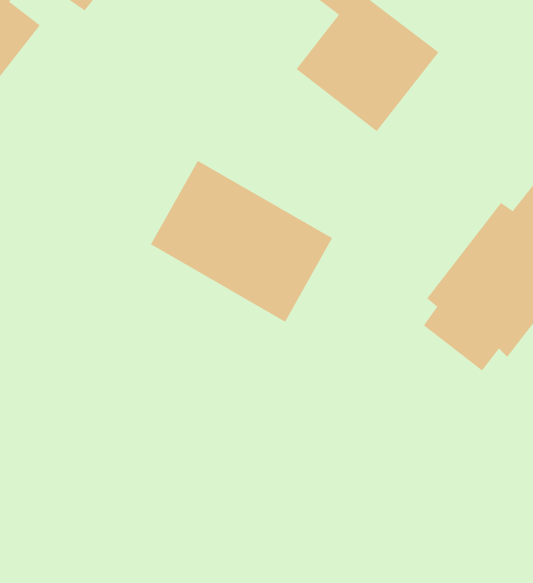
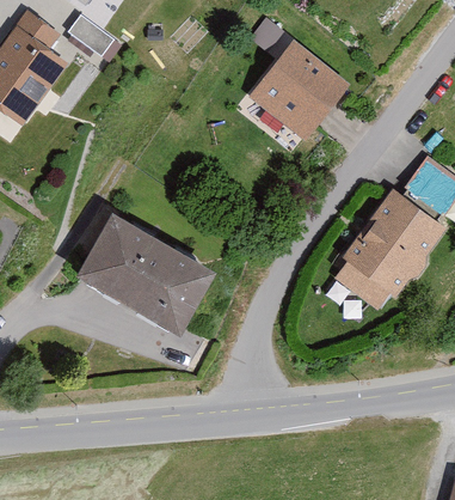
building: [150,160,333,323] -> [67,214,196,329]

